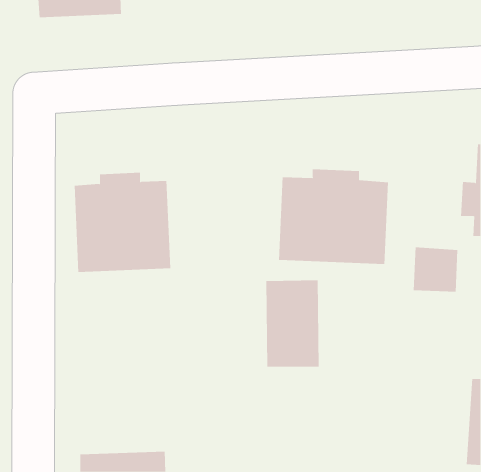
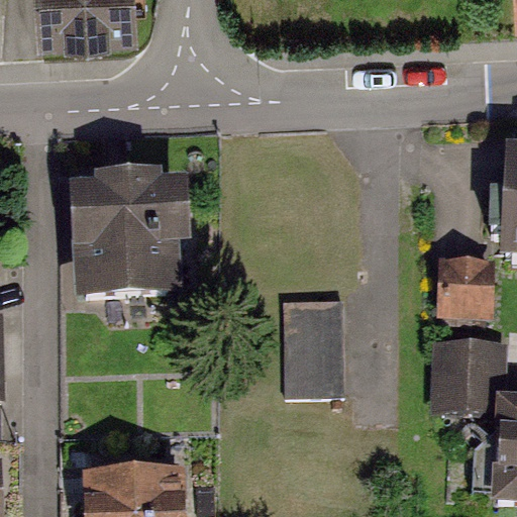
building: [279,168,389,265] -> none
building: none -> [444,342,494,410]

